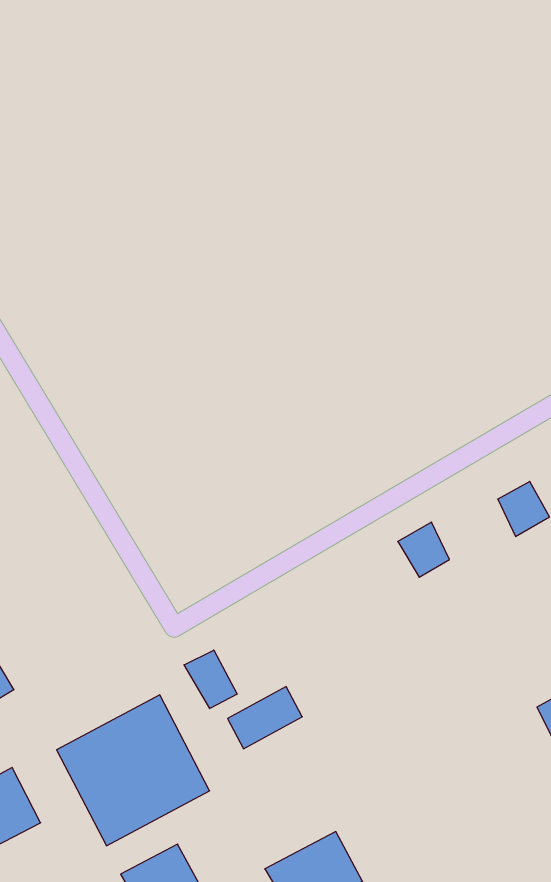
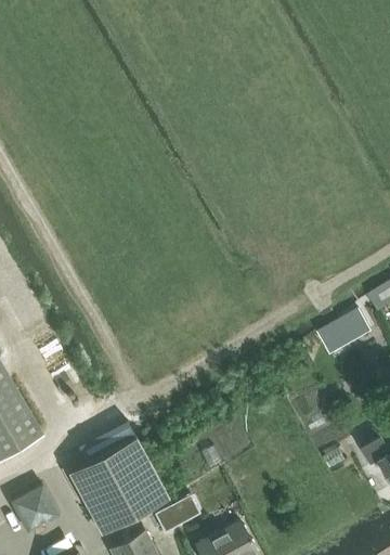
building: [398,522,449,577] -> [318,320,350,353]
building: [184,650,237,709] -> none
building: [228,687,302,749] -> [155,494,200,532]

